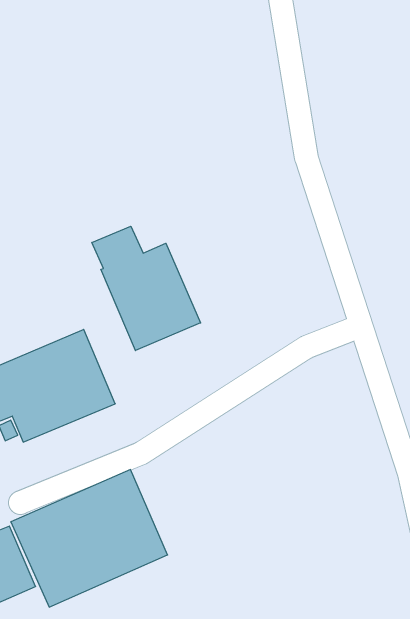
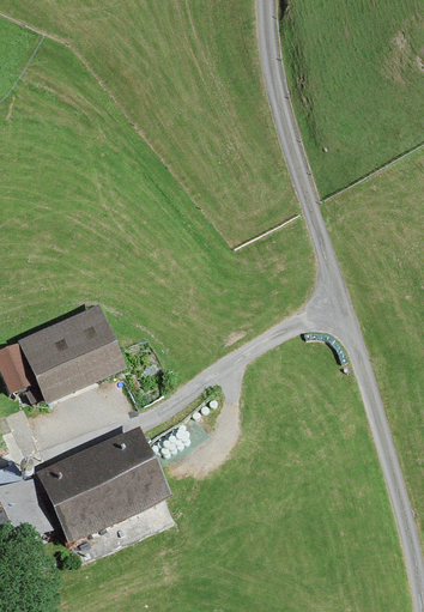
building: [92,226,201,351] -> none

